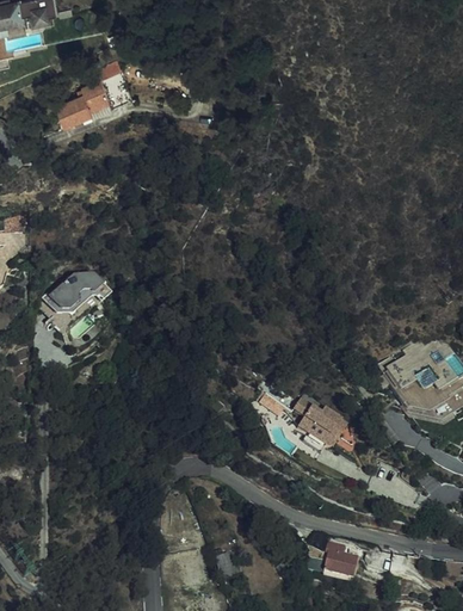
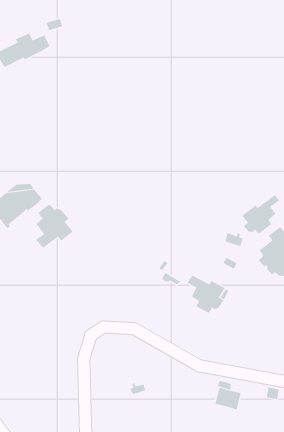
building: none -> [241,195,280,234]
building: none -> [35,204,74,248]

